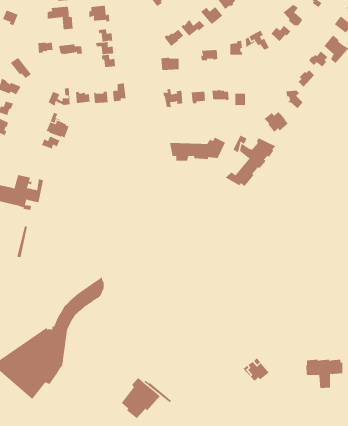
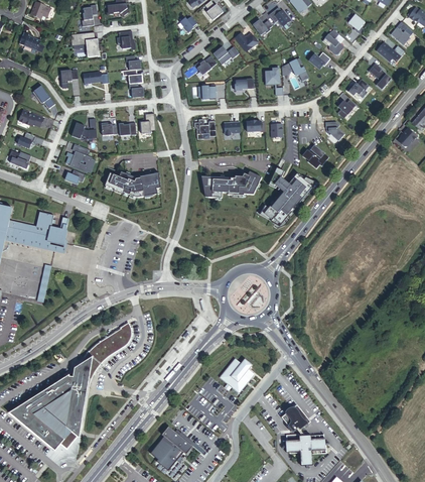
building: none -> [105,171,160,197]
building: none -> [220,357,255,392]
building: [305,359,343,389] -> [283,435,323,466]

